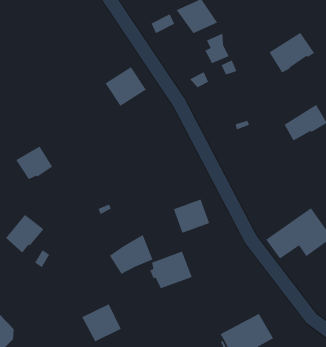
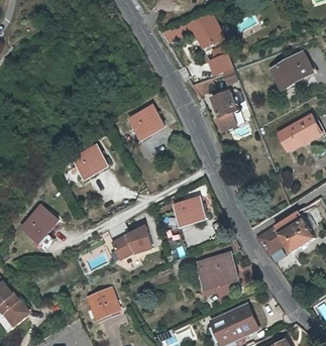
building: [104,66,147,107] -> [128,105,167,141]
building: none -> [212,91,236,130]
building: [15,145,53,180] -> [74,146,108,178]
building: [149,250,193,289] -> [197,252,236,286]

